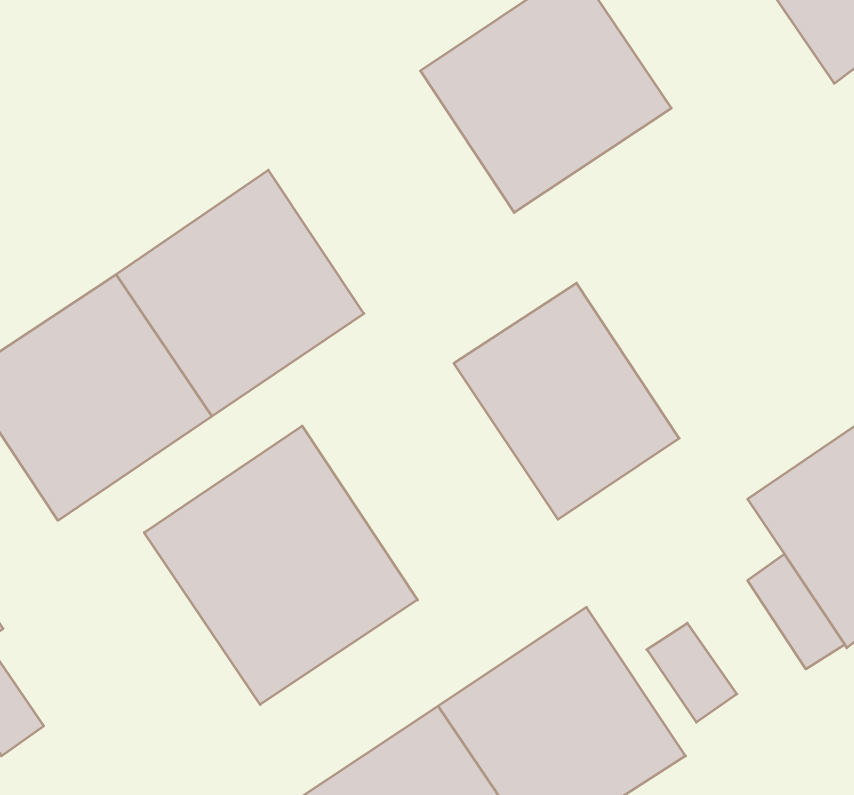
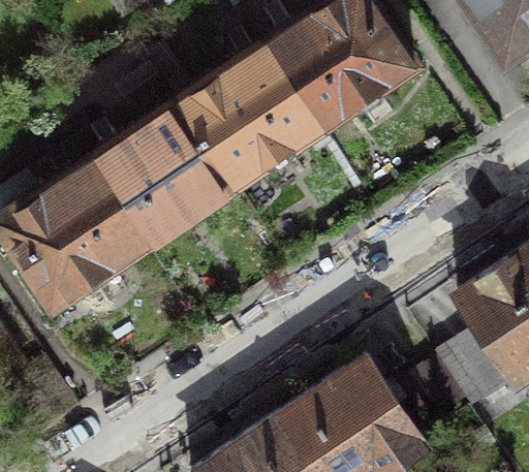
building: none -> [180,45,323,187]
building: [454,283,679,519] -> none
building: [144,426,418,705] -> none

